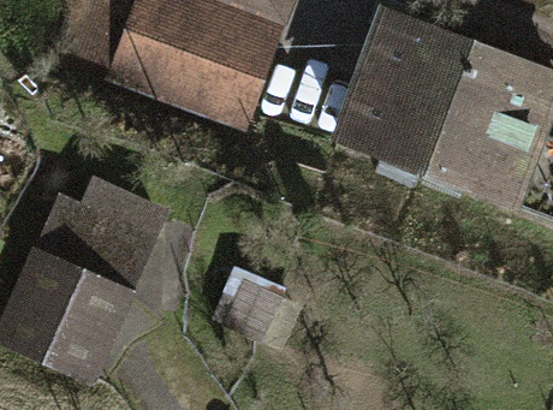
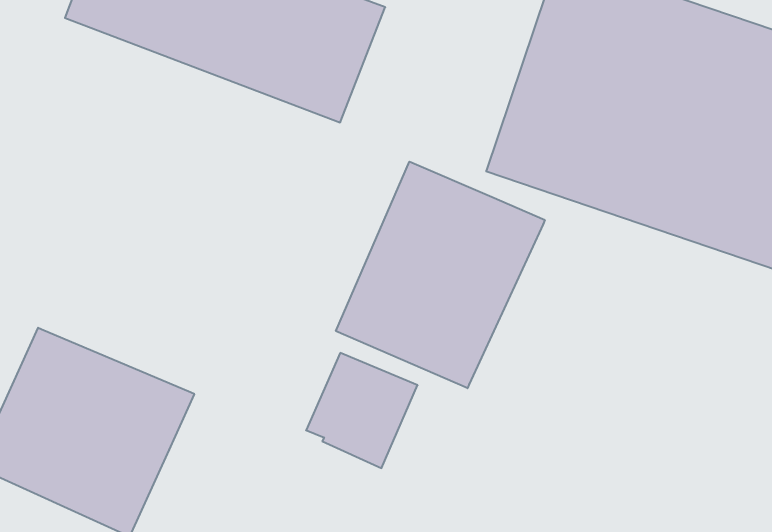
building: none -> [336,162,545,388]
building: [41,179,177,296] -> none

